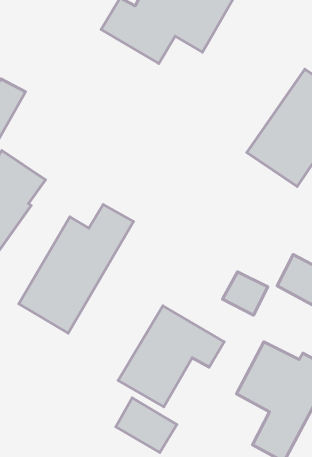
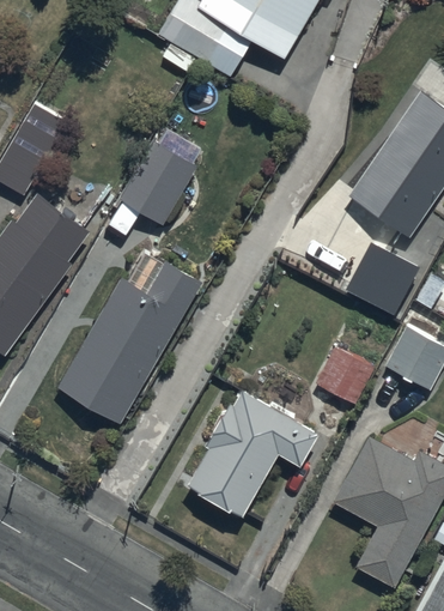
building: none -> [118,139,197,225]
building: none -> [347,243,416,316]
building: [116,398,177,452] -> none

